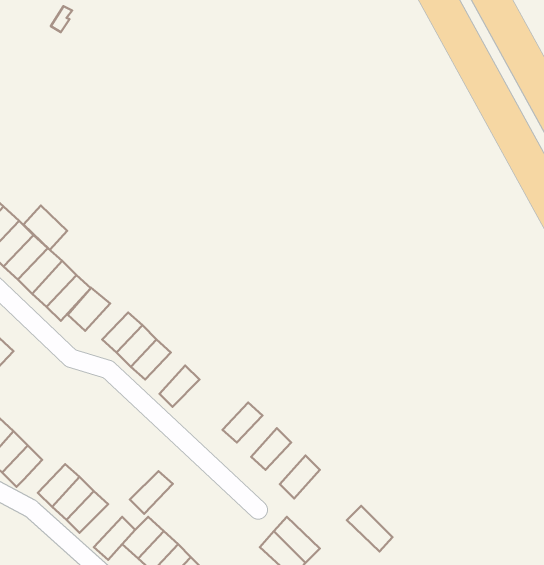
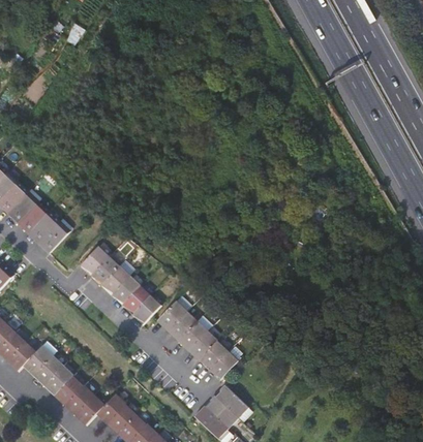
building: [23,206,67,250] -> none
building: [68,288,110,331] -> none
building: none -> [112,276,141,306]
building: none -> [131,295,161,325]
building: none -> [157,302,186,332]
building: none -> [178,321,207,351]
building: none -> [199,341,228,371]
building: none -> [24,346,54,377]
building: [130,471,173,514] -> [64,385,95,416]
building: [347,506,392,551] -> [214,384,247,417]

